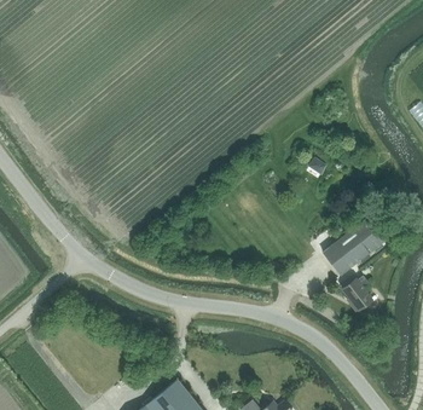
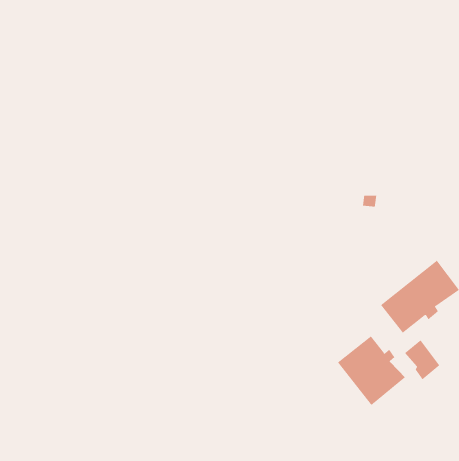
building: none -> [337,336,406,406]

